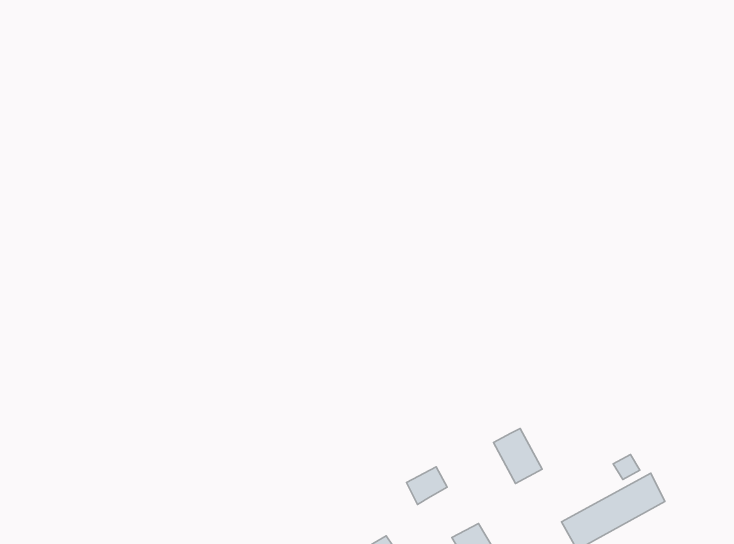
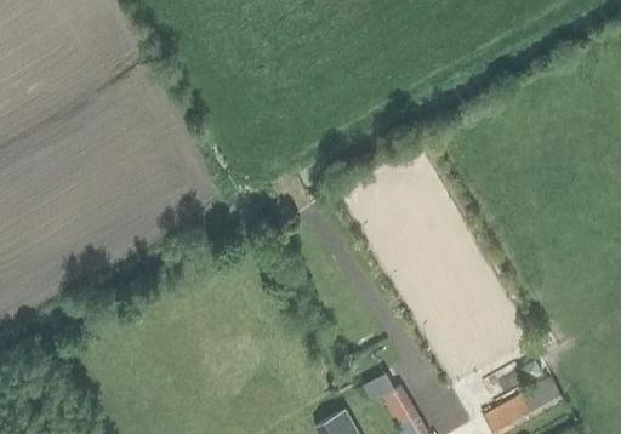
building: [494,429,542,483] -> [380,384,417,427]

